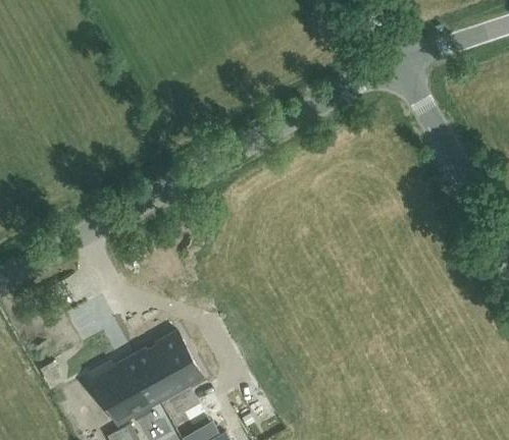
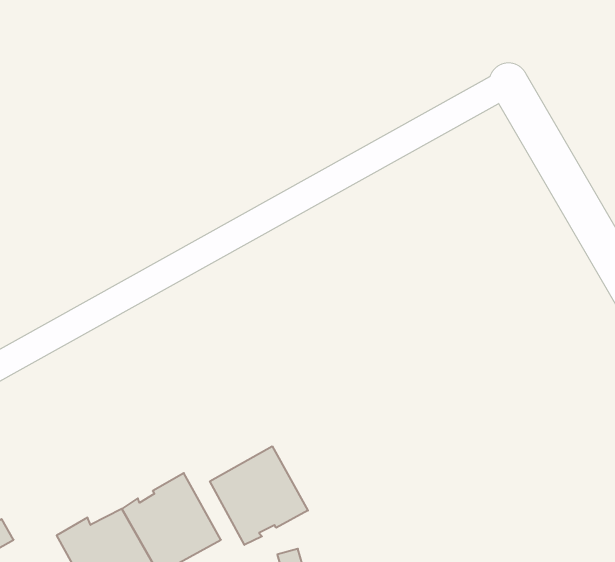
building: none -> [210,446,308,545]

